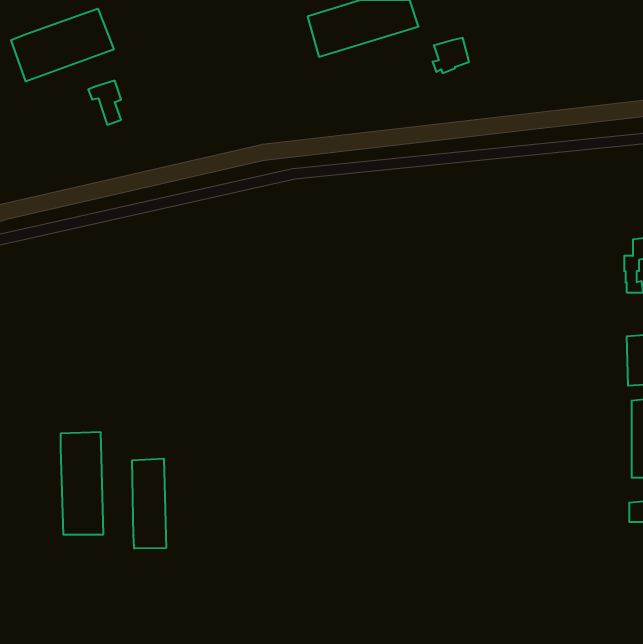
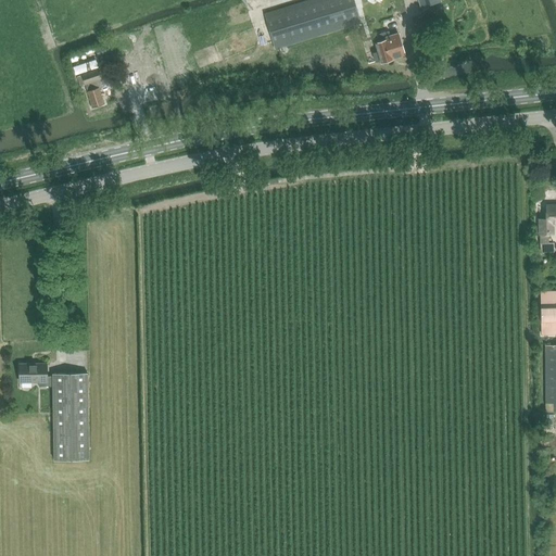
building: [11,9,114,82] -> none
building: none -> [20,363,53,387]
building: [132,459,166,549] -> none

